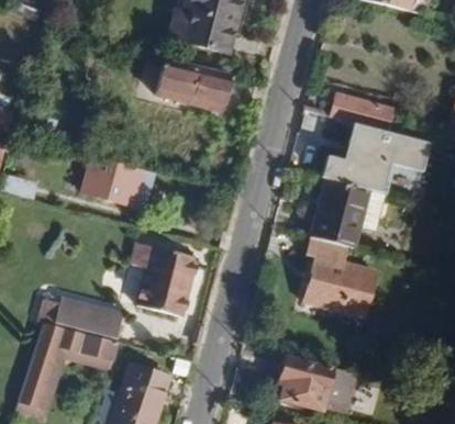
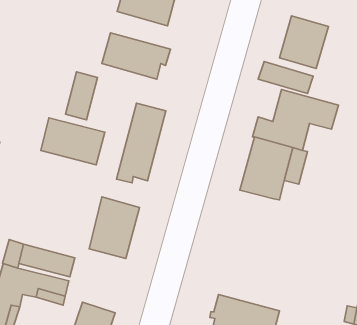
building: none -> [280,16,328,69]
building: none -> [66,72,98,120]
building: none -> [117,103,166,183]
building: [302,237,378,319] -> none

